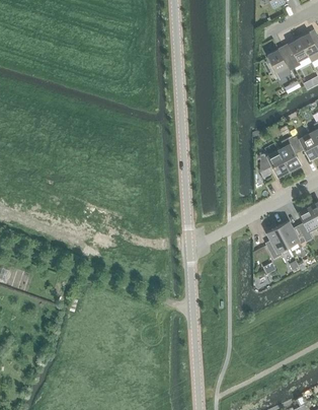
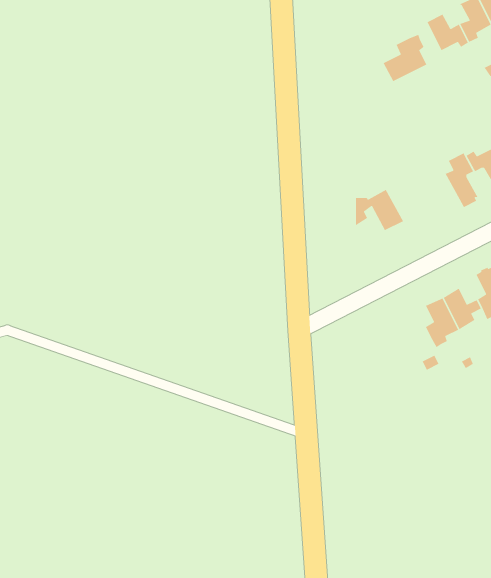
building: none -> [382,34,427,82]
building: [260,149,291,176] -> [355,189,404,231]

